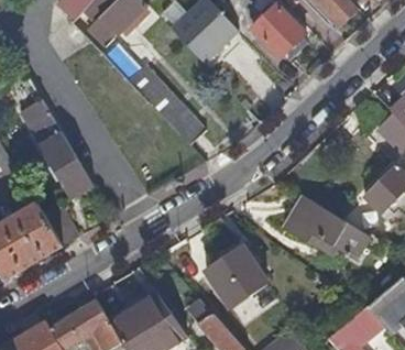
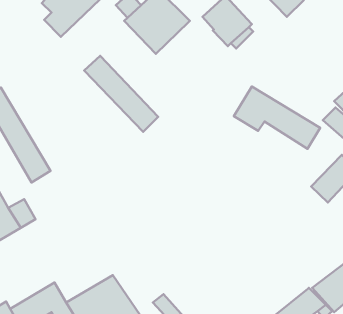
building: [281,197,371,262] -> [234,87,320,149]
building: [204,247,266,308] -> none

